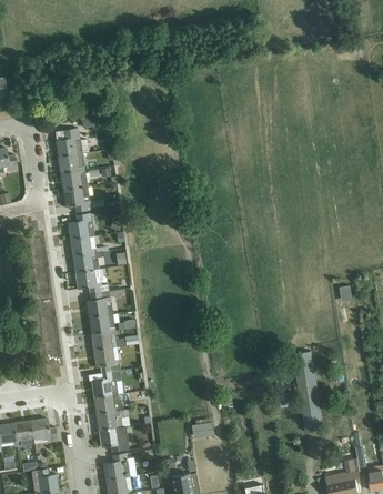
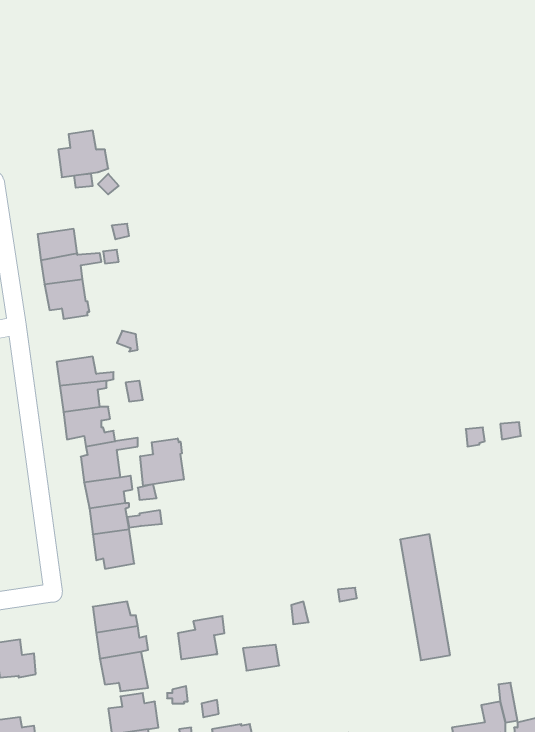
building: [56,128,88,158] -> [58,131,108,177]
building: [68,213,93,240] -> none
building: none -> [140,438,184,486]
building: [91,370,121,397] -> [178,616,224,659]

